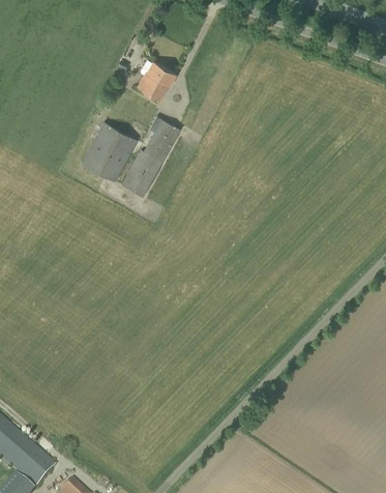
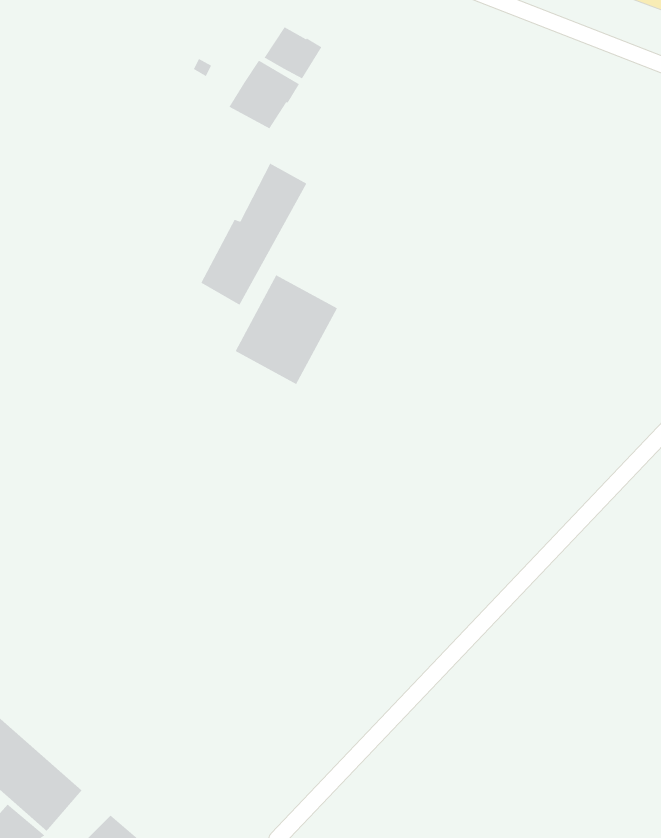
building: none -> [264,26,322,79]
building: [82,120,139,181] -> [235,274,338,385]

